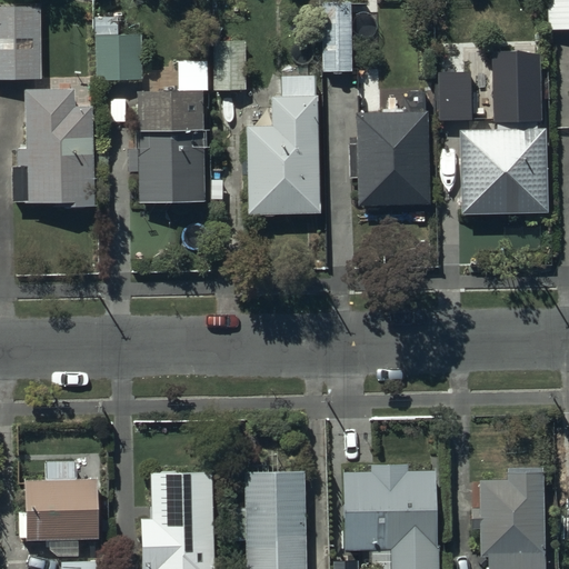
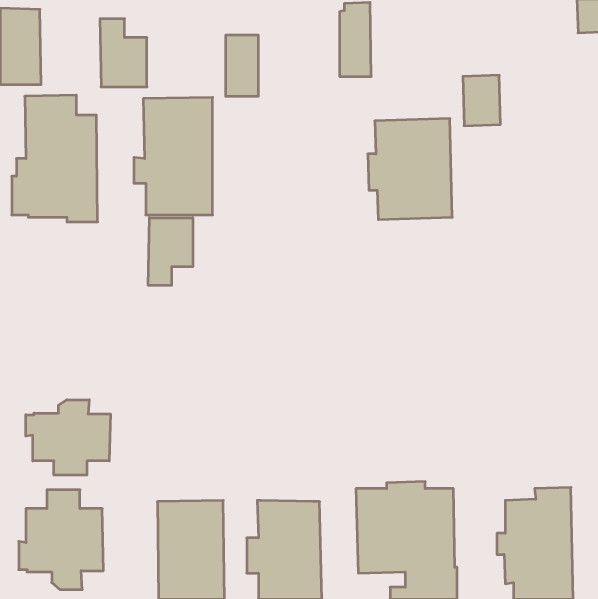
building: [495,50,546,120] -> none
building: [247,78,321,217] -> none
building: [461,130,549,216] -> none
building: none -> [148,218,193,285]
building: none -> [26,400,110,475]

